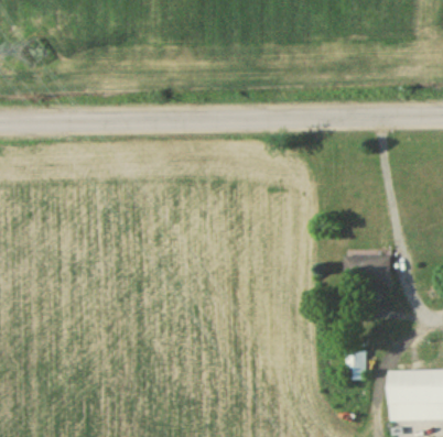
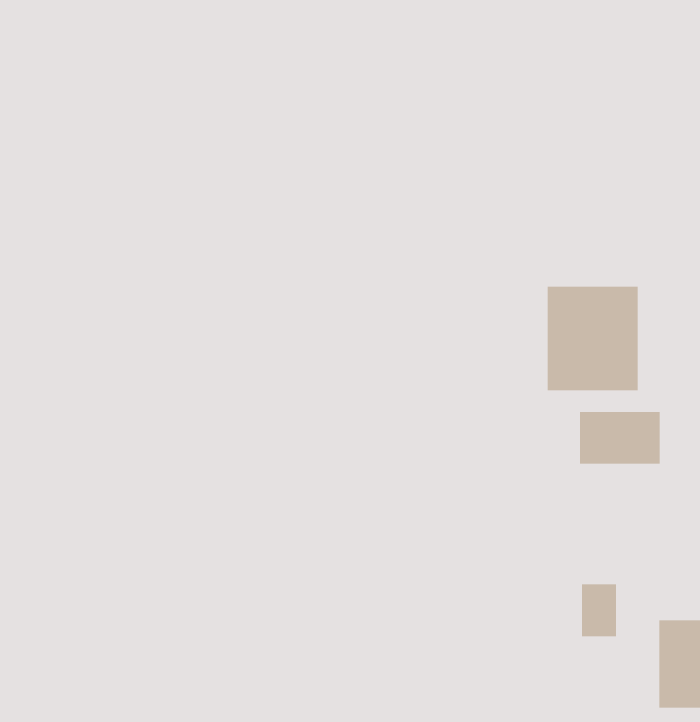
building: none -> [547,286,639,391]

